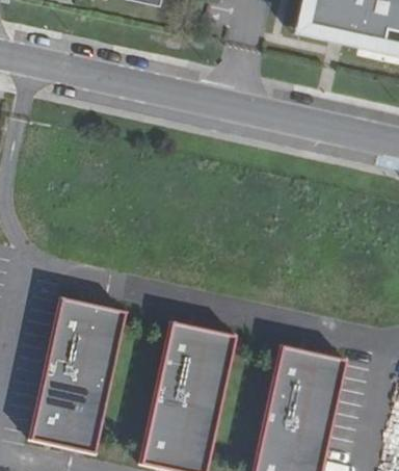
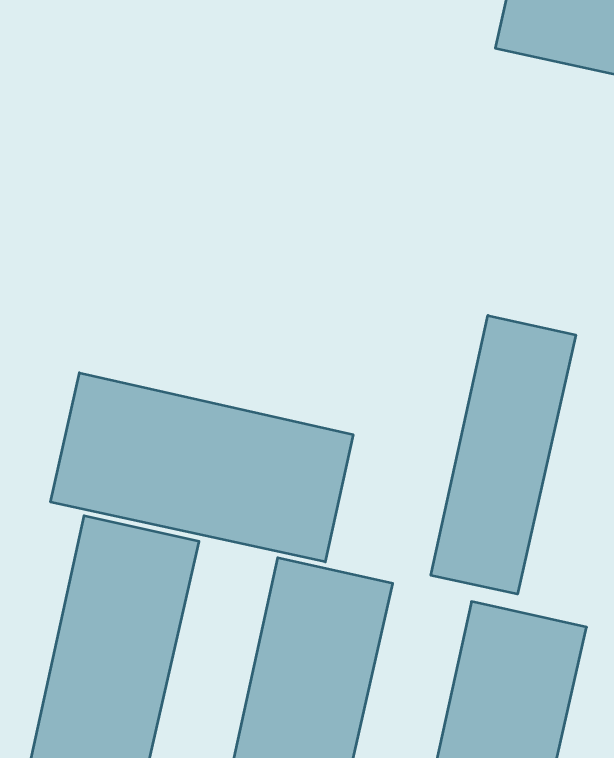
building: none -> [431,315,576,594]
building: none -> [51,373,353,562]

